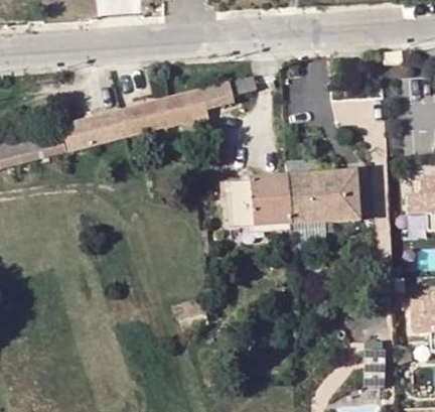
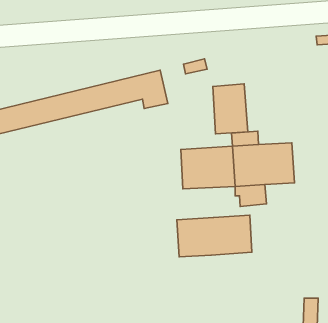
building: none -> [213,84,248,134]
building: none -> [177,215,252,257]

